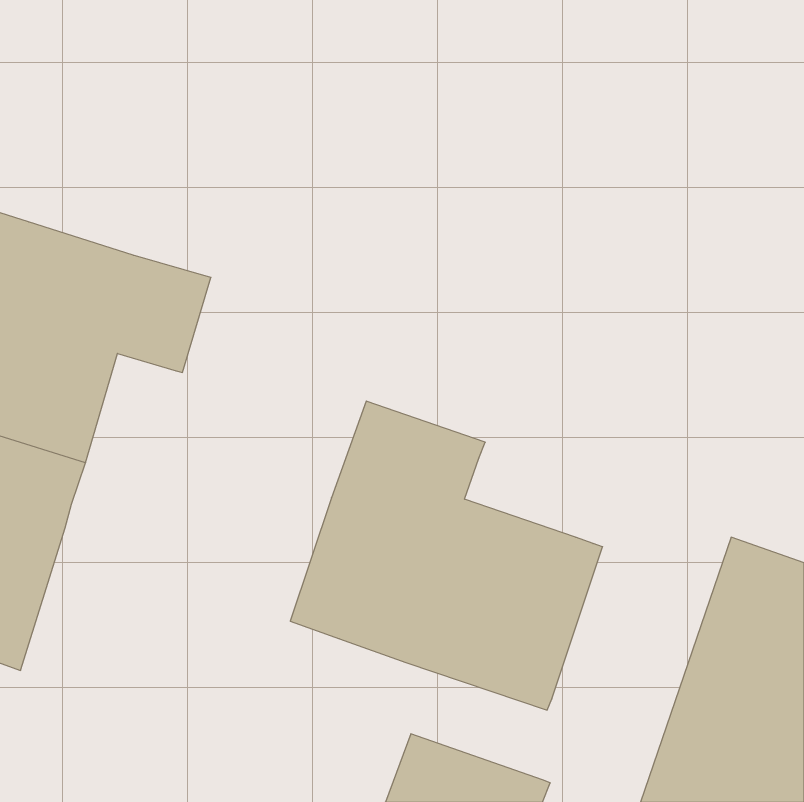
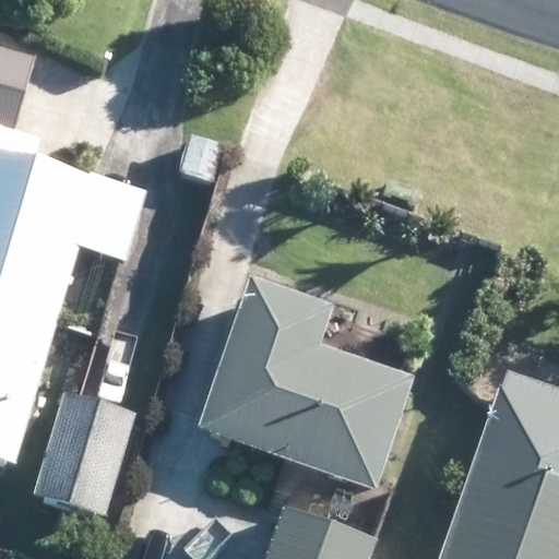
building: none -> [32,391,135,515]

